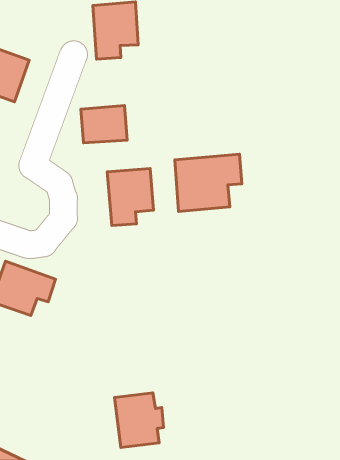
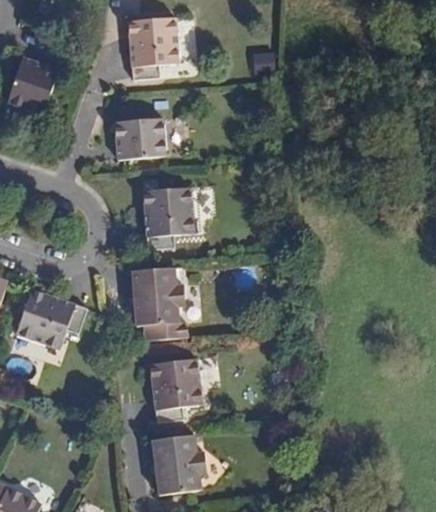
building: [175,154,242,211] -> none
building: none -> [132,266,187,339]
building: none -> [149,358,202,422]

